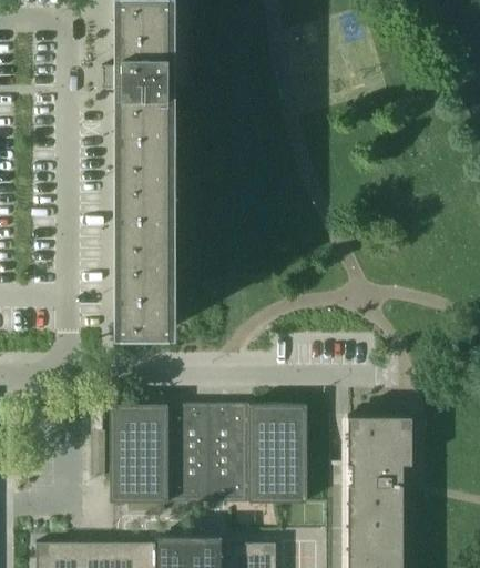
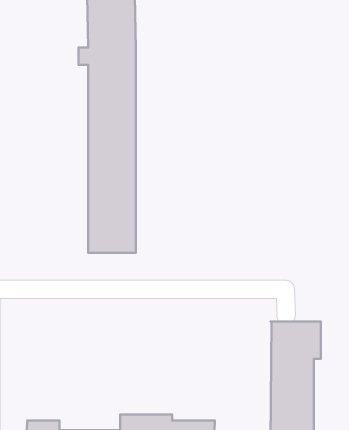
building: [110,404,307,501] -> none

